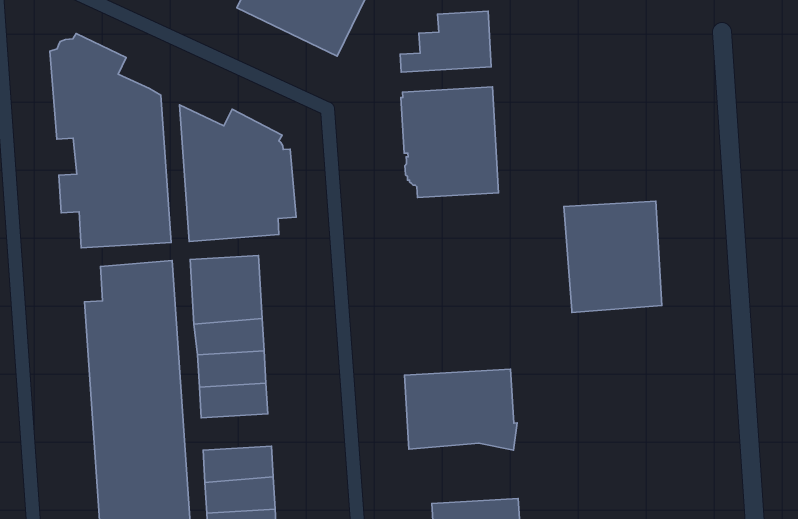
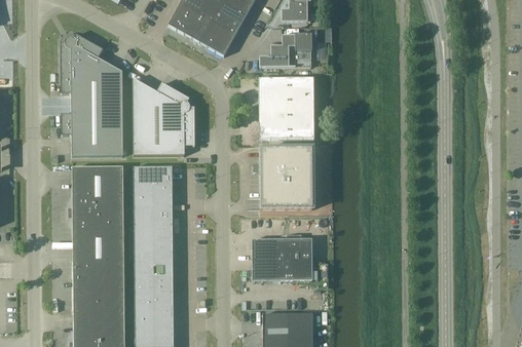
building: [564,201,662,312] -> [260,148,312,208]
building: none -> [135,256,174,274]

